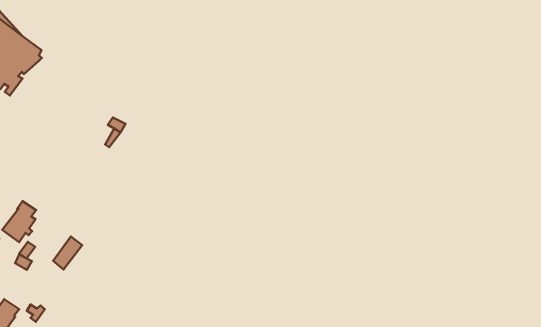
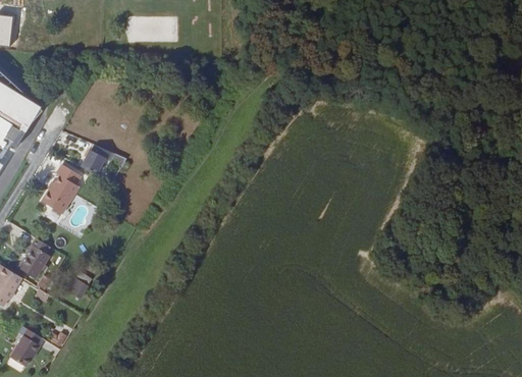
building: none -> [81,148,109,175]
building: none -> [44,164,82,214]

